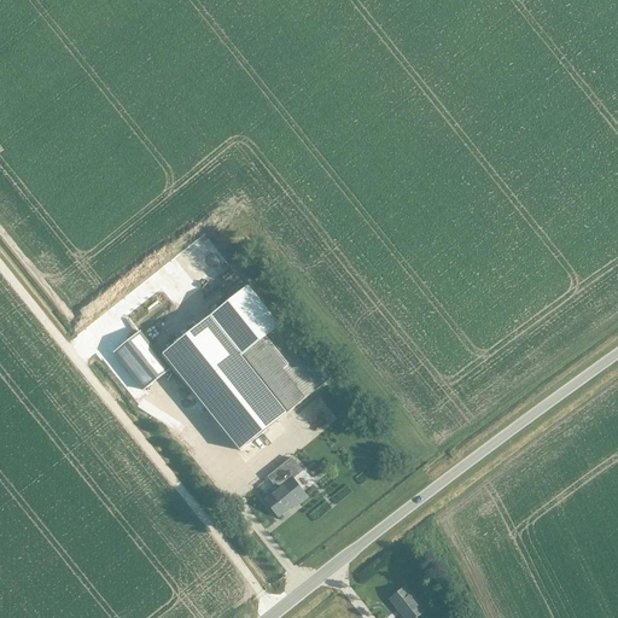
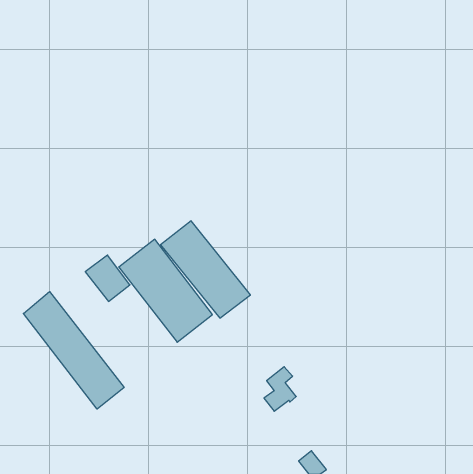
building: none -> [23,292,124,409]
building: [266,459,308,517] -> [264,367,296,411]

